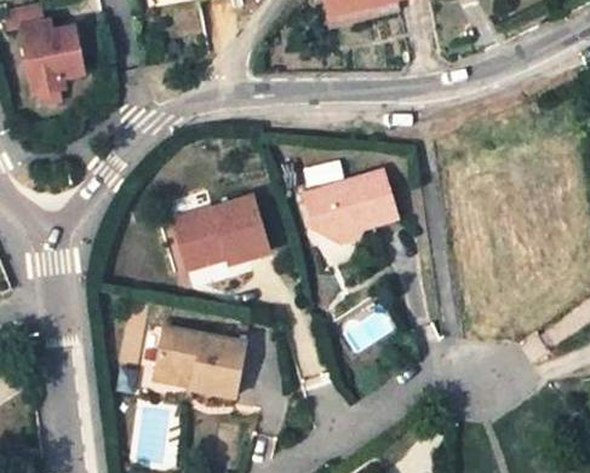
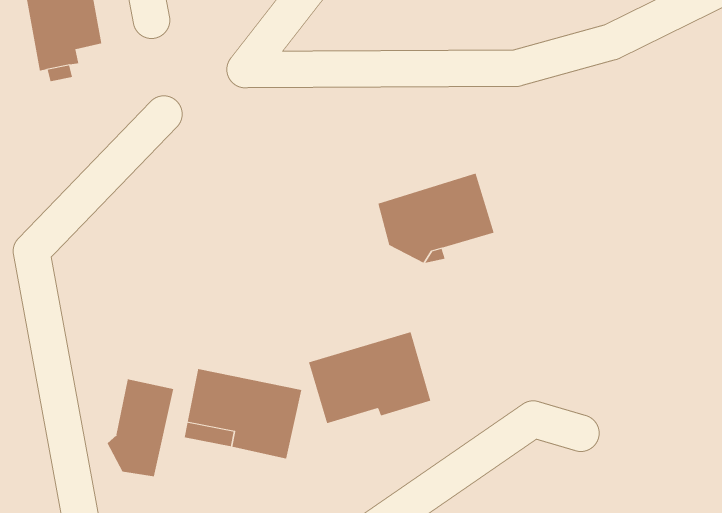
building: [171,198,268,271] -> [308,331,431,424]
building: none -> [107,379,174,477]

